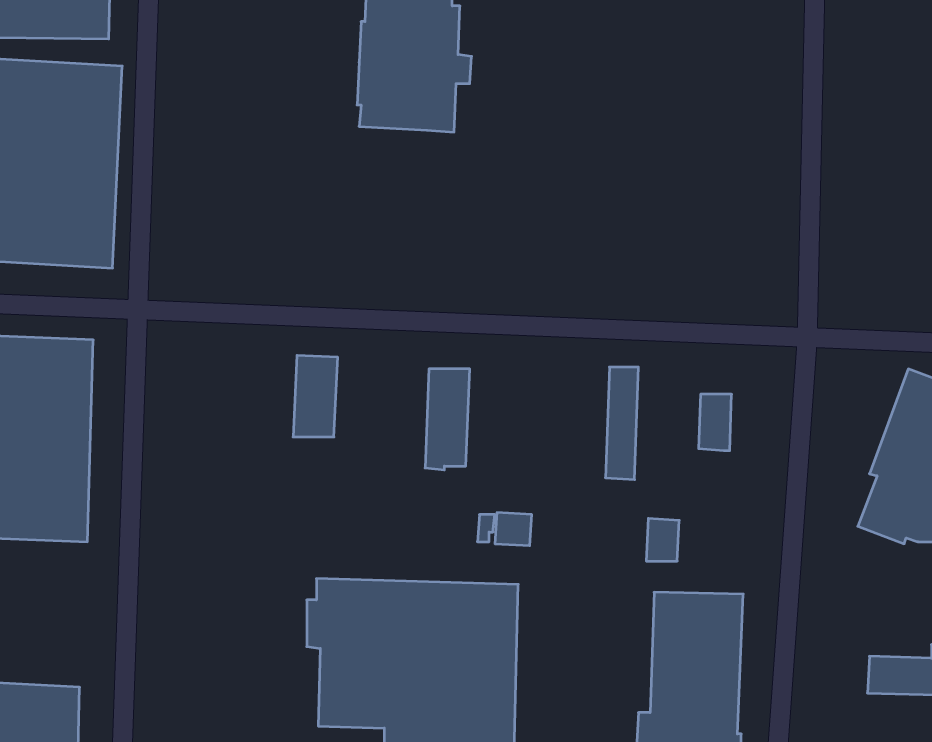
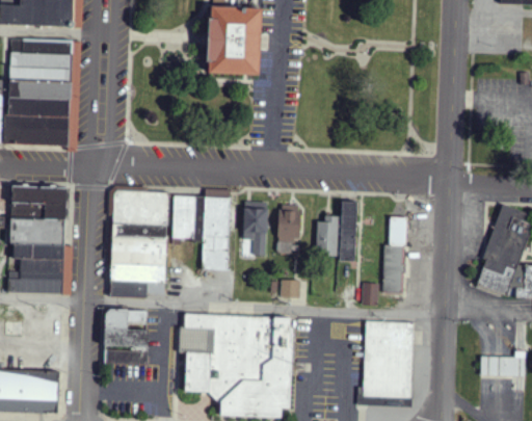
building: none -> [110,190,169,299]
building: none -> [202,195,231,270]
building: none -> [277,205,301,255]
building: none -> [315,216,338,256]
building: none -> [383,245,404,293]
building: none -> [105,309,148,365]

